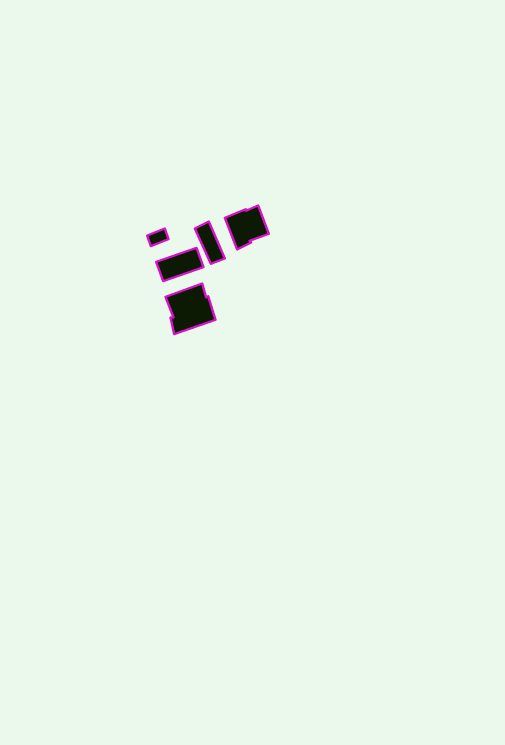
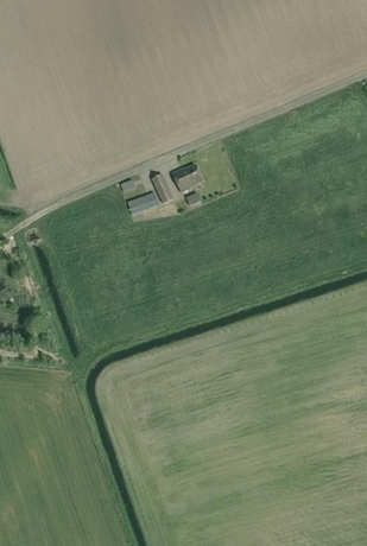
building: [166,284,216,334] -> none

